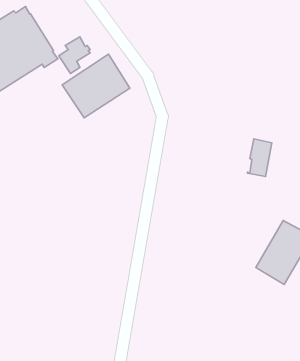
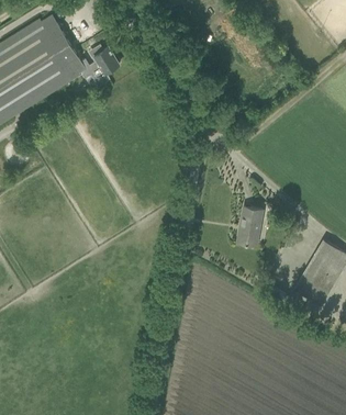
building: [62,54,130,118] -> none
building: [248,139,272,176] -> [237,205,263,245]

